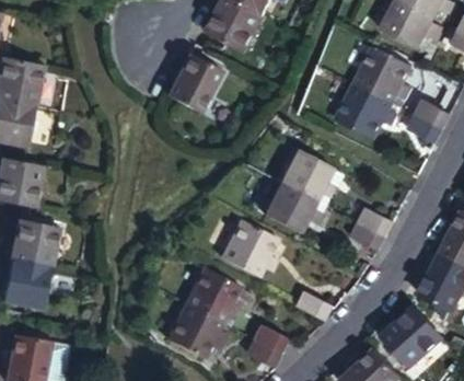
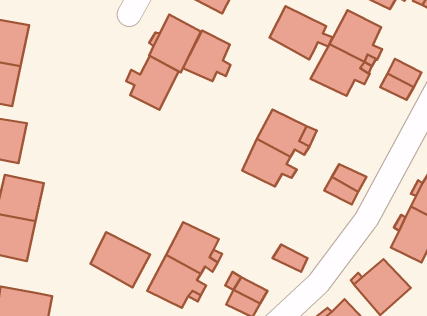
building: none -> [269,6,333,59]
building: none -> [183,31,230,81]
building: none -> [126,56,178,110]
building: [222,220,278,276] -> none
building: none -> [90,232,150,288]

